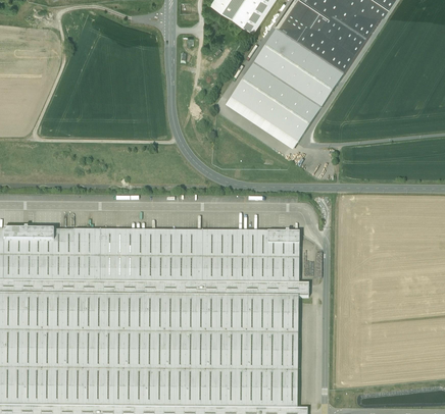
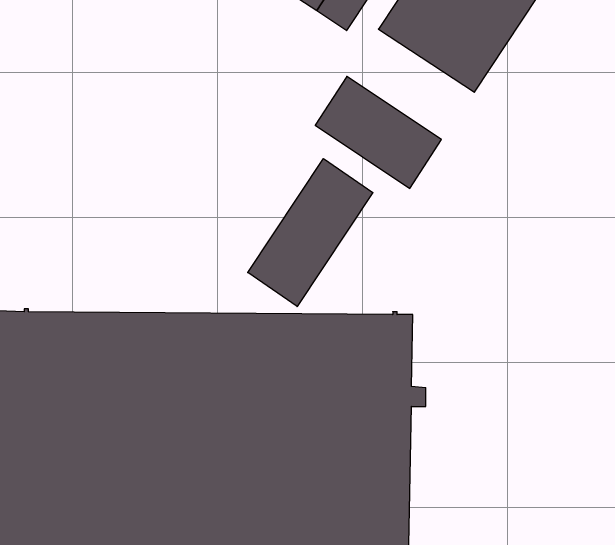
building: [252,29,343,107] -> none
building: none -> [248,159,373,307]

